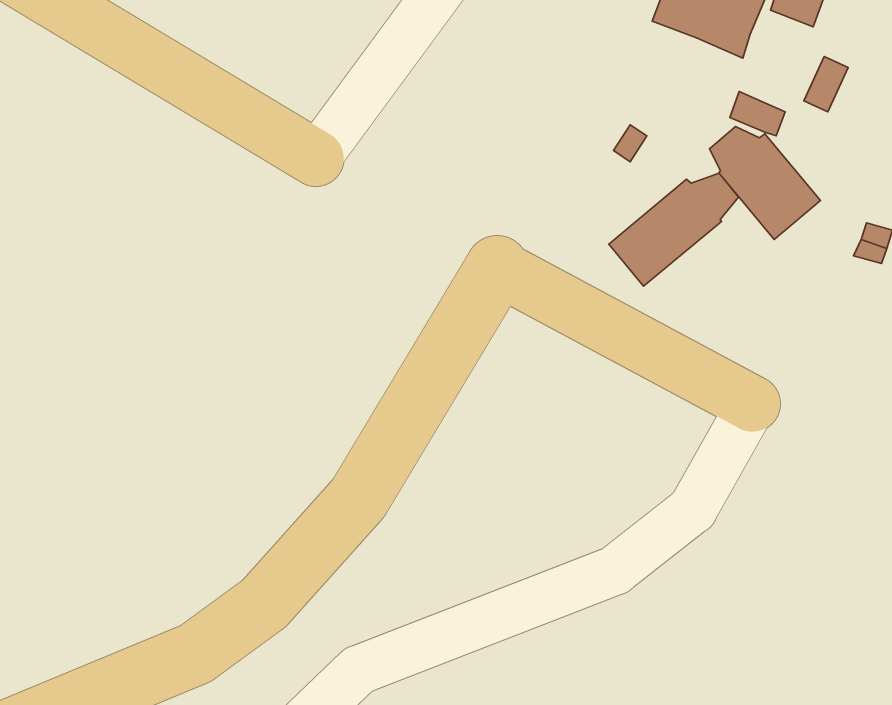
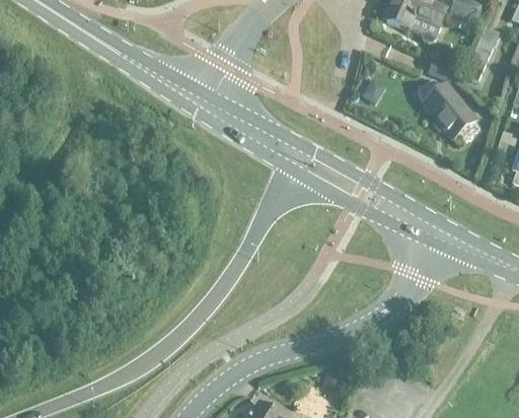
building: [609,173,738,286] -> none

